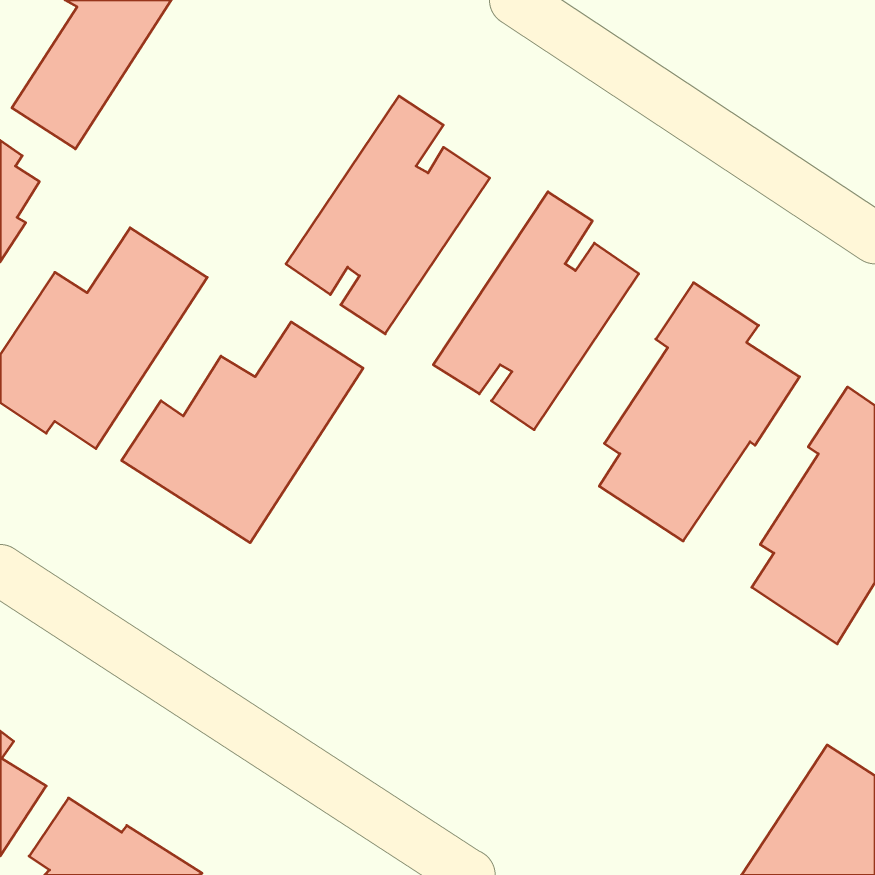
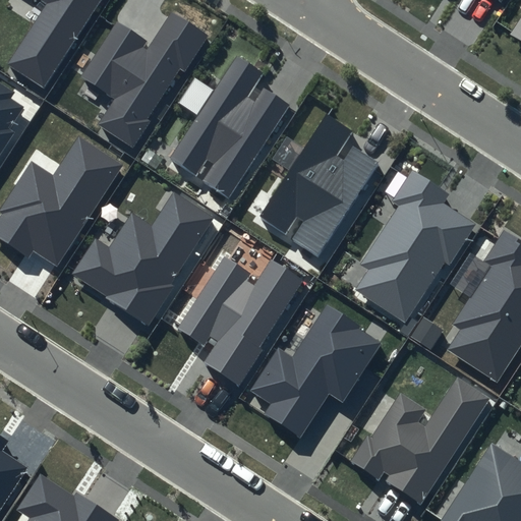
building: none -> [82,12,208,147]
building: none -> [177,256,305,386]
building: none -> [250,305,383,438]
building: none -> [350,377,489,503]

